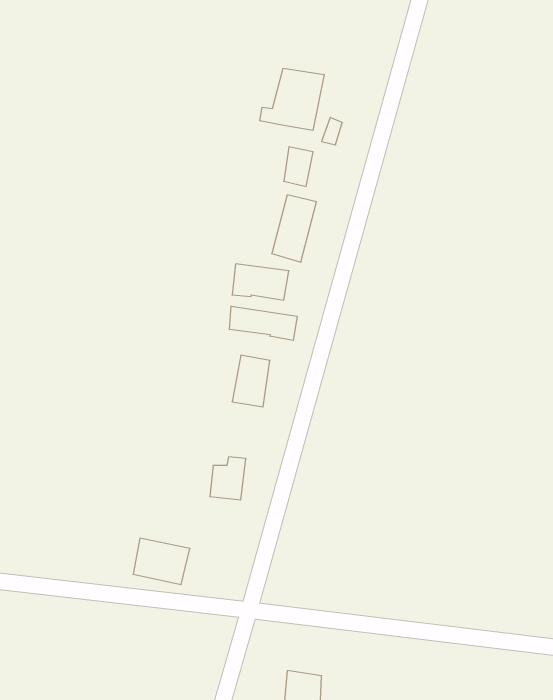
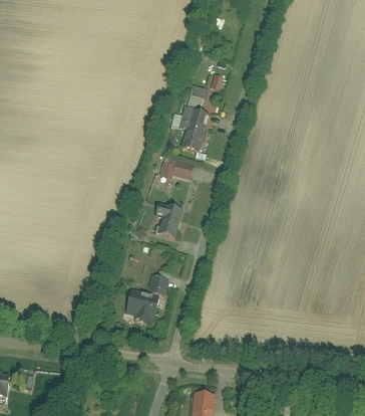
building: [260,68,324,130] -> none
building: [230,306,297,340] -> none
building: [133,538,190,585] -> [127,290,160,318]

